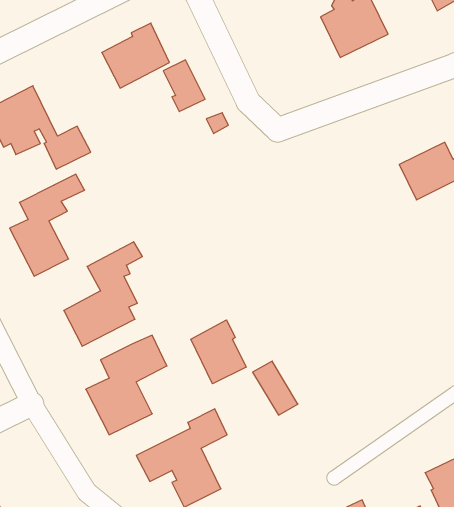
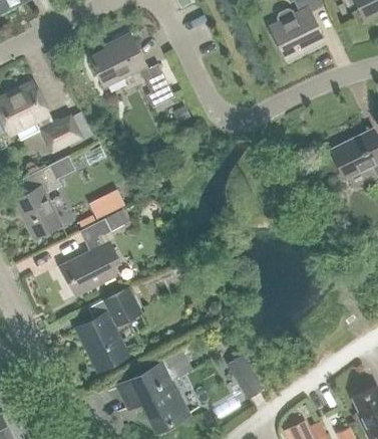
building: none -> [87,187,124,217]
building: [191,320,246,384] -> none
building: [253,361,298,415] -> [225,356,262,400]

